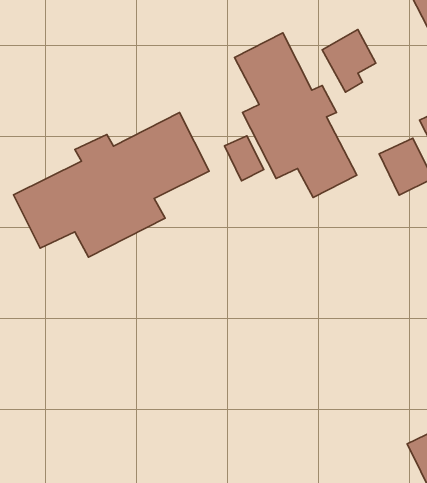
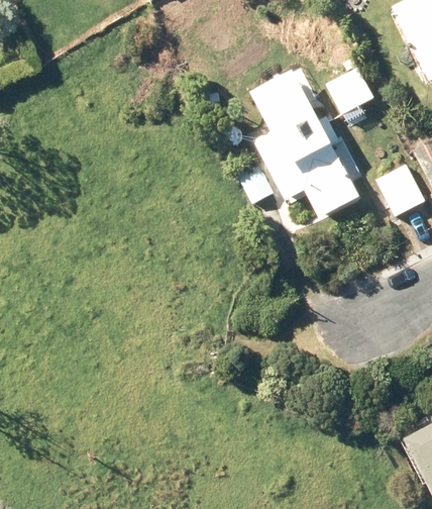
building: [13,112,209,257] -> none

